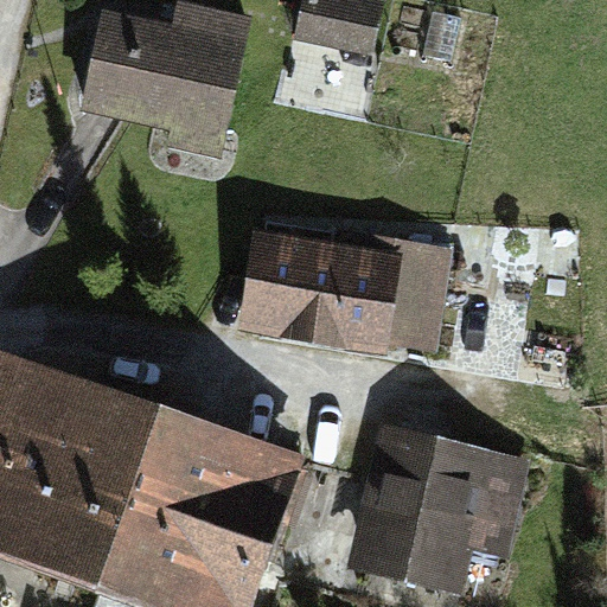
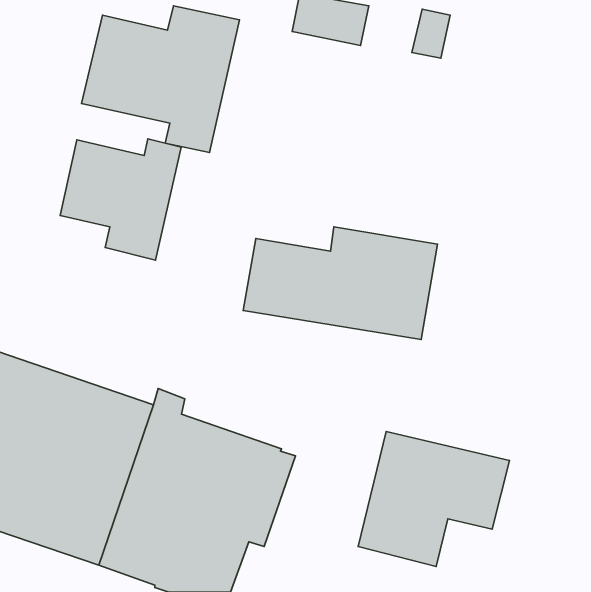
building: none -> [60,139,181,260]

